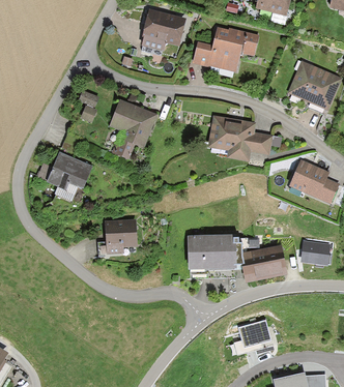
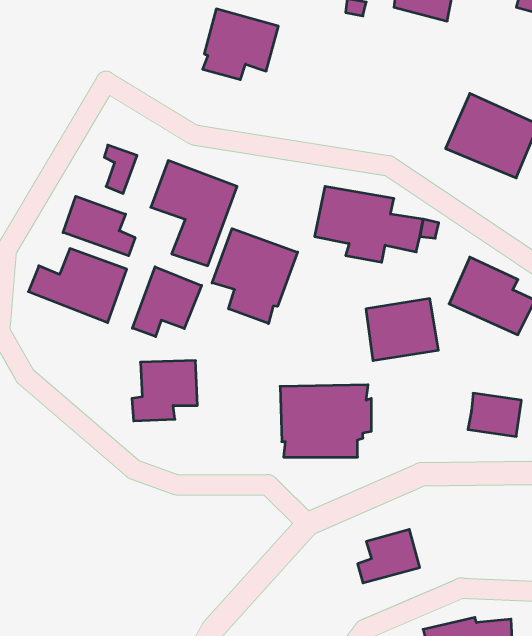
building: [193,28,258,71] -> none
building: none -> [63,196,135,256]
building: none -> [212,229,298,324]
building: none -> [132,267,202,337]
building: [243,244,287,281] -> [366,299,438,361]

